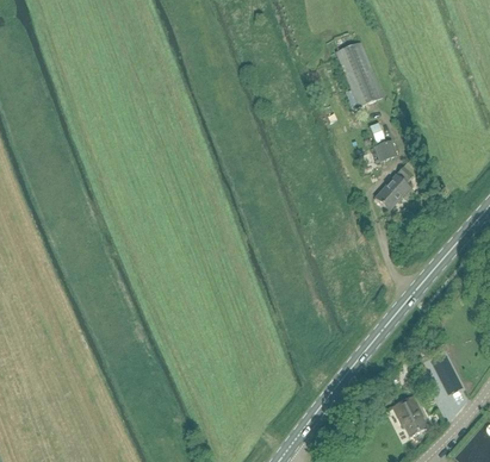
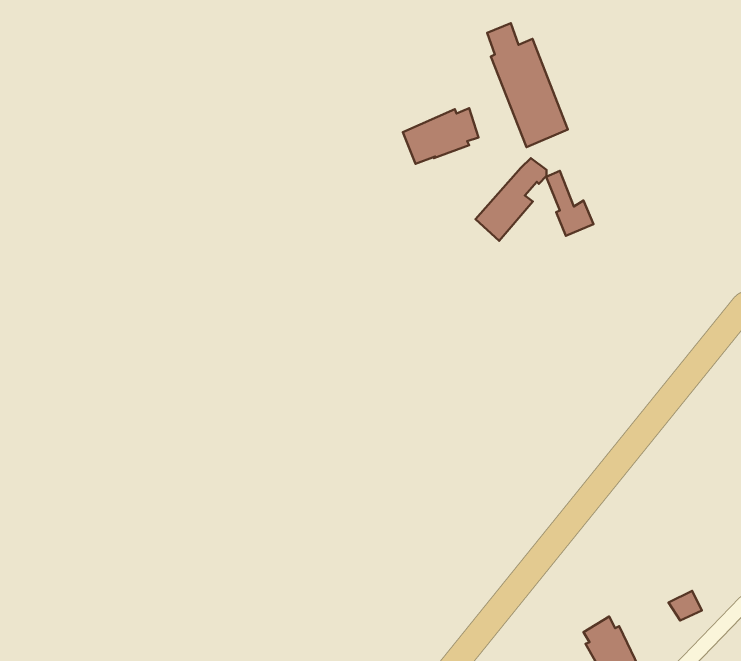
building: none -> [403,108,479,164]
building: [376,162,418,212] -> [476,158,547,241]

